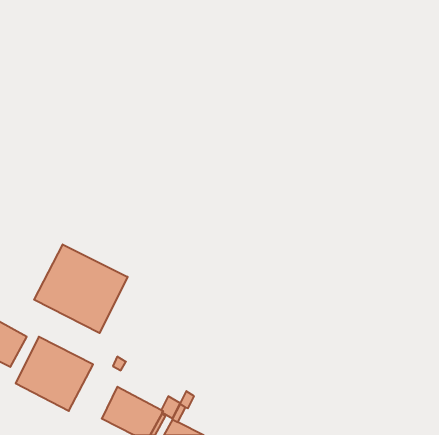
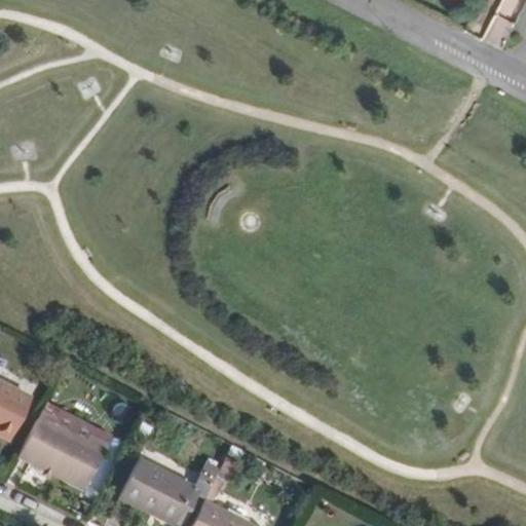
building: [34,244,128,333] -> none

